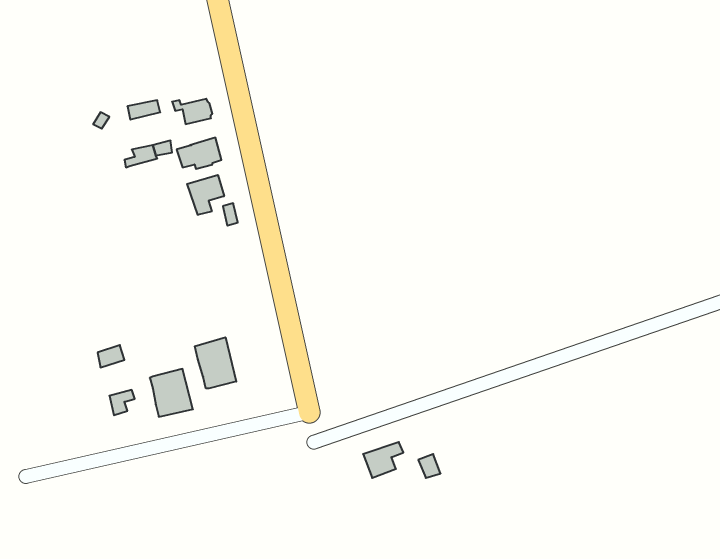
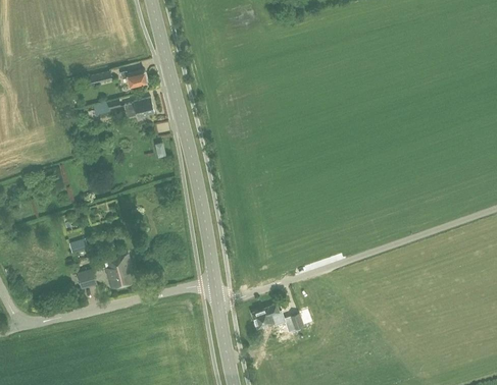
building: [187,175,224,215] -> none
building: [195,337,236,388] -> none

